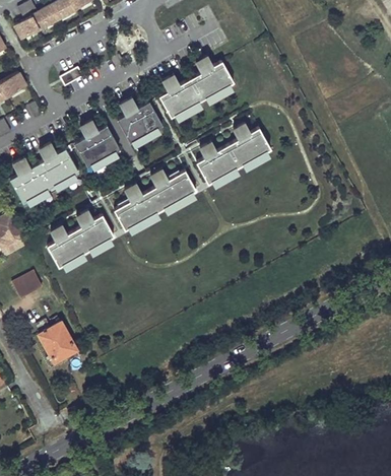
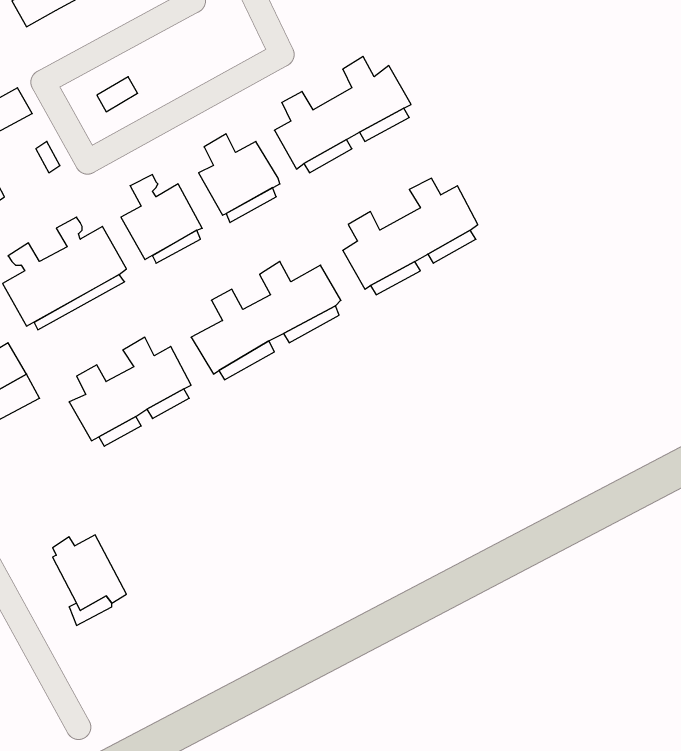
building: [12,273,41,298] -> none

